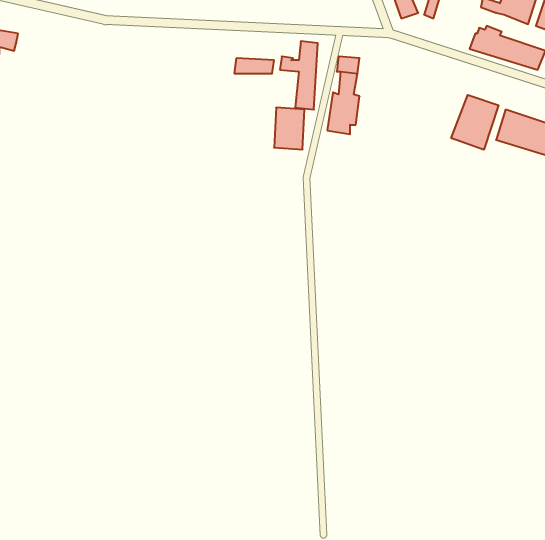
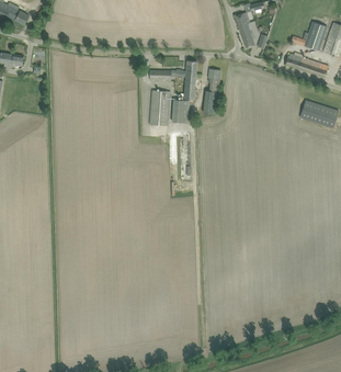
building: none -> [149,90,170,125]
building: [451,95,499,150] -> none

